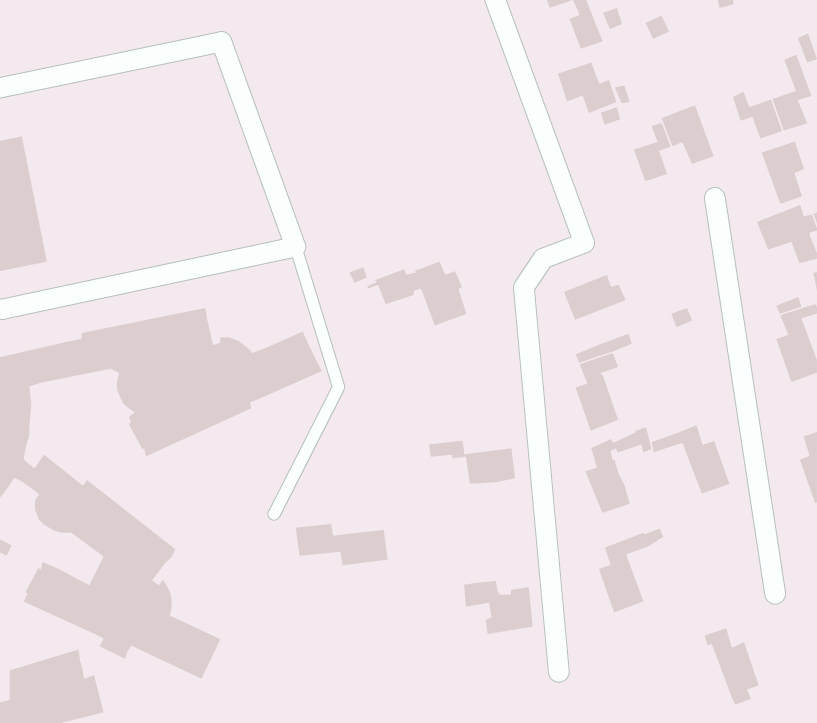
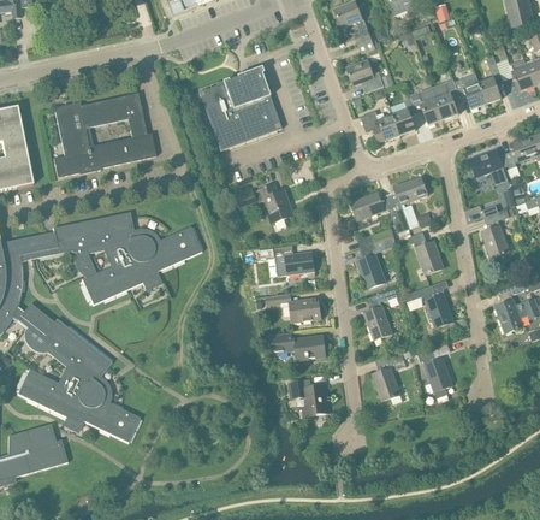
building: none -> [198,66,281,149]
building: none -> [53,91,156,176]
building: [760,140,805,205] -> [432,78,459,118]
building: none -> [360,108,400,141]
building: none -> [385,175,428,231]
building: none -> [408,230,444,273]
building: none -> [256,244,315,274]
building: [295,523,389,566] -> [268,331,326,358]
building: [703,627,760,705] -> [417,348,452,396]

